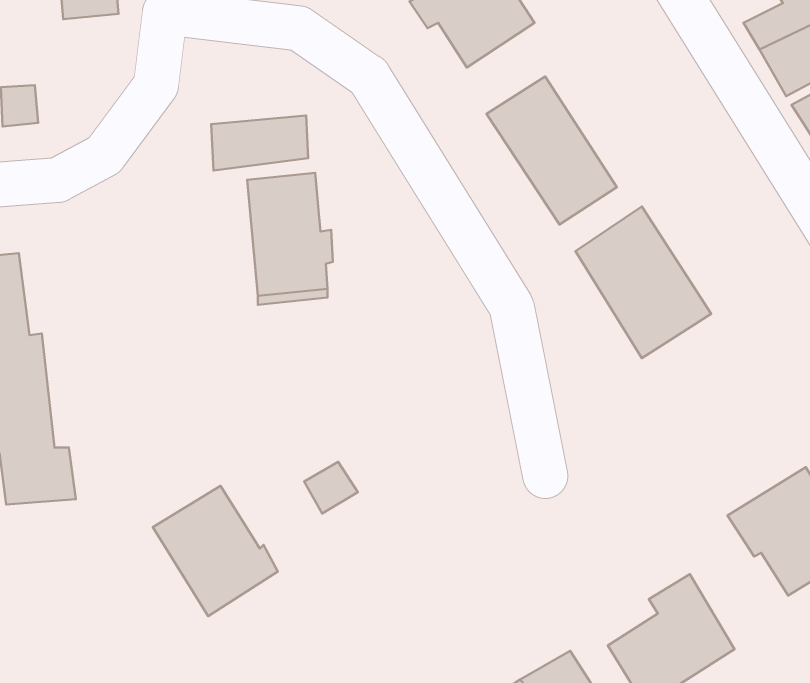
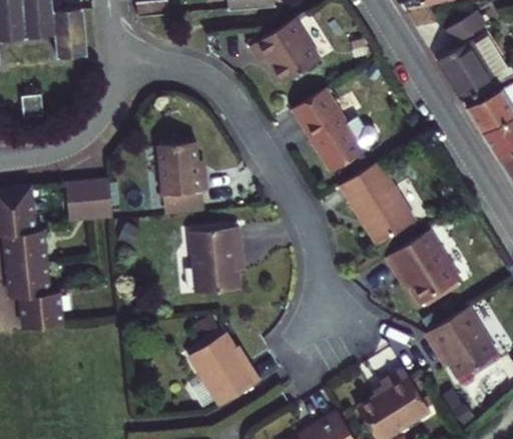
building: [211,115,308,170] -> none
building: none -> [63,179,110,223]
building: none -> [189,229,241,295]
building: none -> [389,232,462,306]
building: [153,486,278,616] -> [187,333,258,406]

